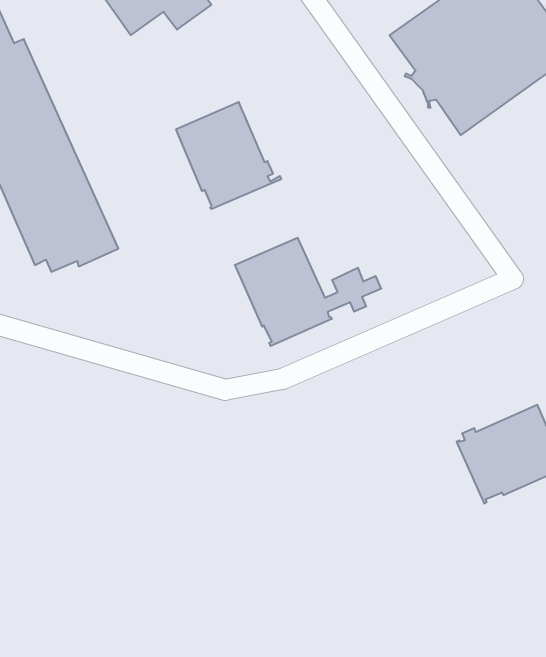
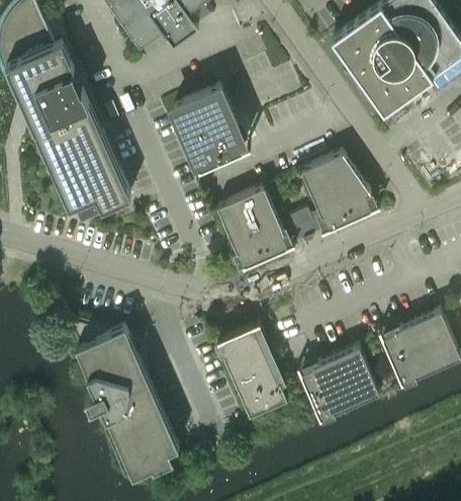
building: none -> [301,155,380,232]
building: none -> [64,322,178,477]
building: none -> [216,328,286,417]
building: none -> [299,349,378,421]

